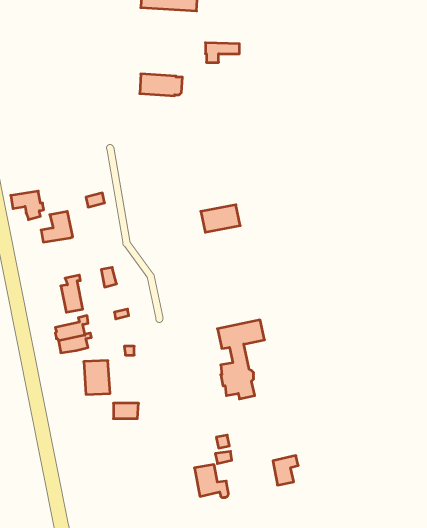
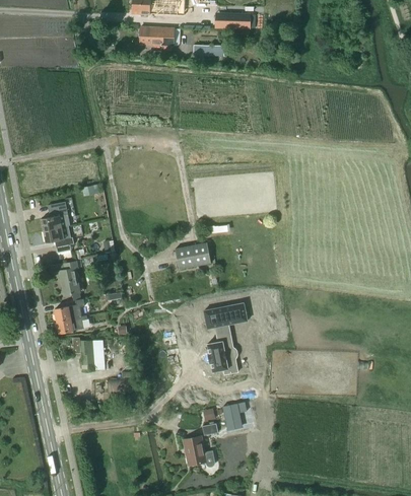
building: none -> [222,12,250,27]
building: [140,74,182,96] -> [140,25,180,46]
building: [11,191,44,220] -> [42,225,72,252]
building: [201,205,240,232] -> [174,242,210,268]
building: [273,456,298,485] -> [222,401,246,428]

